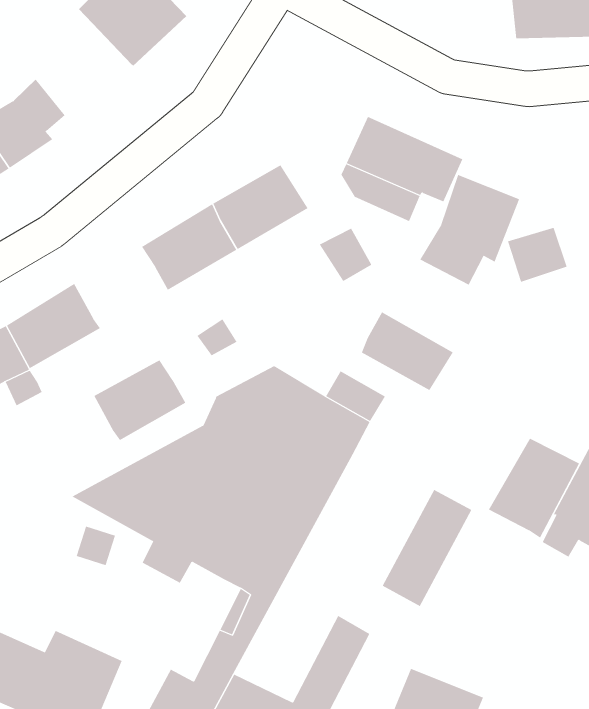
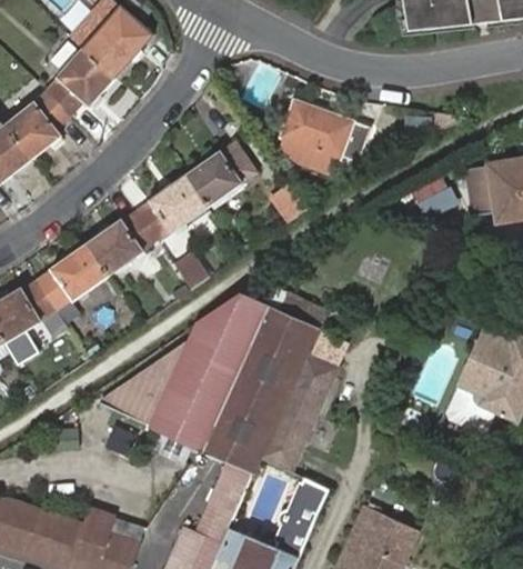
building: none -> [44,47,115,117]
building: [419,174,520,285] -> none
building: [361,312,453,391] -> none
building: [93,359,186,441] -> [86,211,155,274]
building: [488,438,580,538] -> none
building: [382,489,472,607] -> [268,361,331,450]

